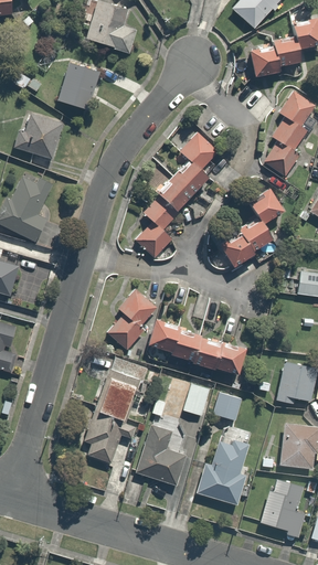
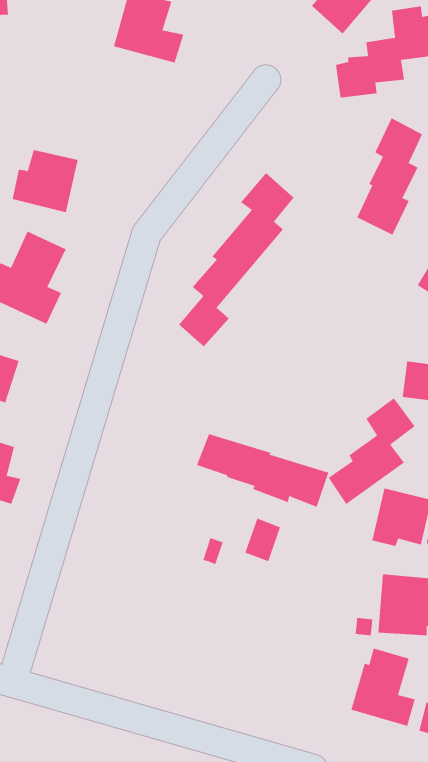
building: [56,61,100,109] -> none
building: [219,189,283,267] -> [328,398,415,505]
building: [104,288,157,353] -> none
building: [83,358,158,468] -> none
building: [214,393,244,420] -> none
building: [136,419,189,487] -> none
building: [194,439,251,507] -> none

